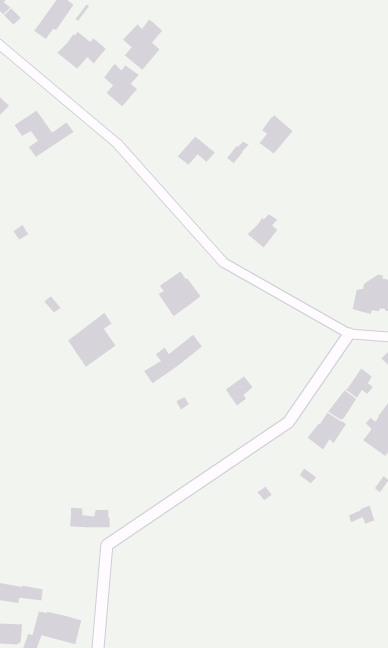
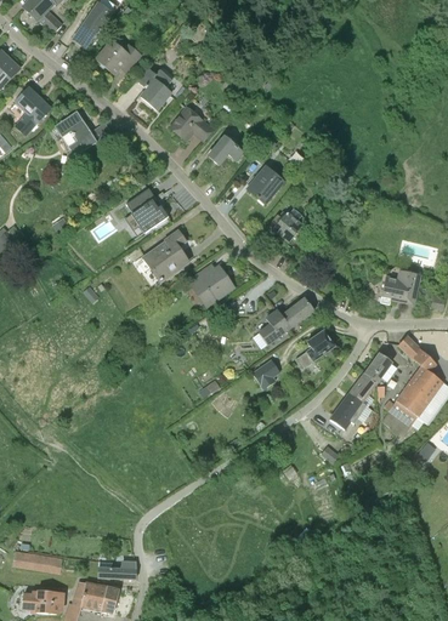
building: [122,19,163,71] -> none
building: none -> [170,107,214,141]
building: [258,114,293,155] -> [251,165,284,203]
building: none -> [126,188,168,232]
building: [67,312,117,368] -> [142,230,188,283]
building: [143,334,203,384] -> [257,297,313,344]
building: none -> [296,330,334,366]
building: [69,507,110,528] -> [97,559,136,579]

